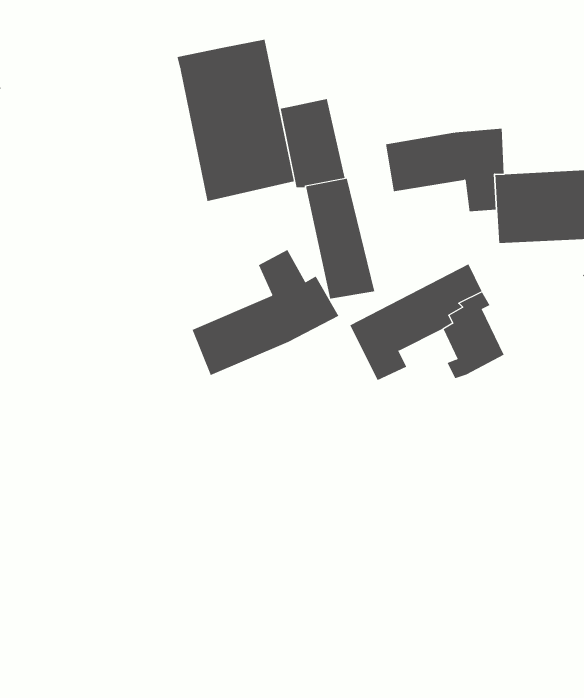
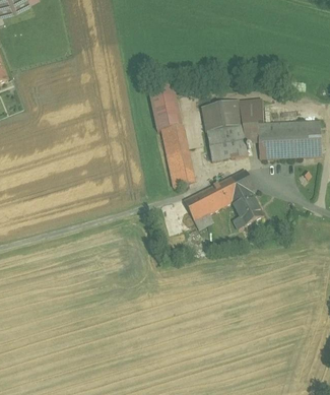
building: [177,39,294,202] -> none
building: none -> [206,127,247,161]
building: [192,249,339,376] -> none

